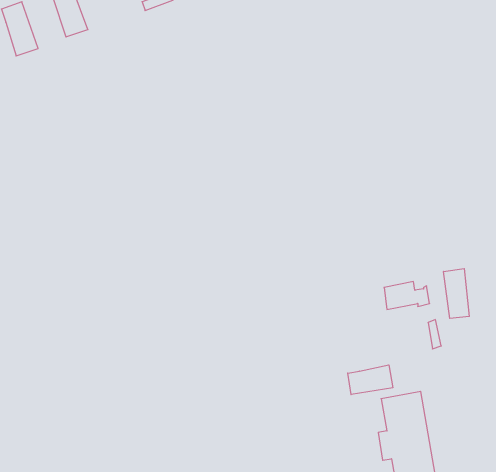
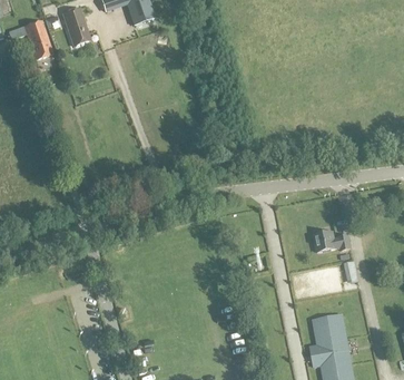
building: [444,269,469,318] -> none
building: [348,365,393,395] -> none

